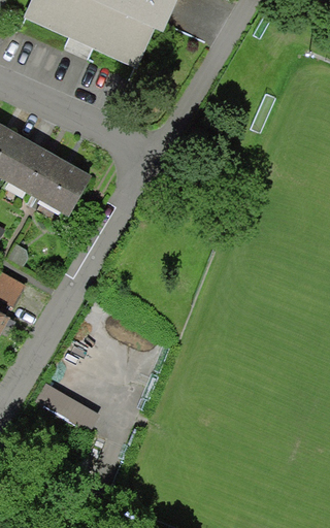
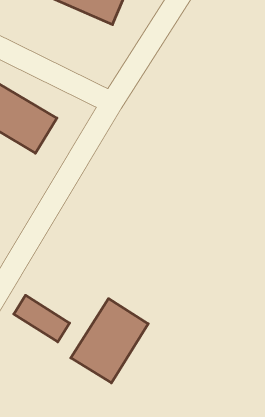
building: none -> [71,299,148,383]

